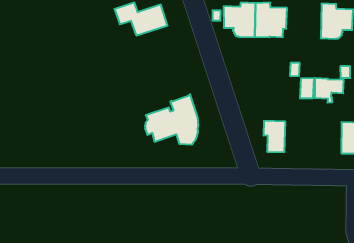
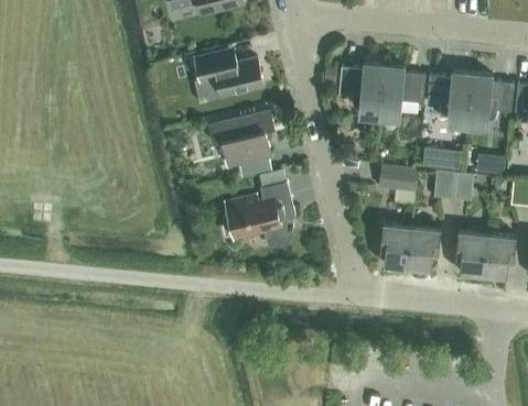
building: none -> [427,72,472,119]
building: none -> [208,111,273,176]
building: none -> [379,165,417,191]
building: none -> [407,227,440,270]
building: none -> [455,231,486,275]

